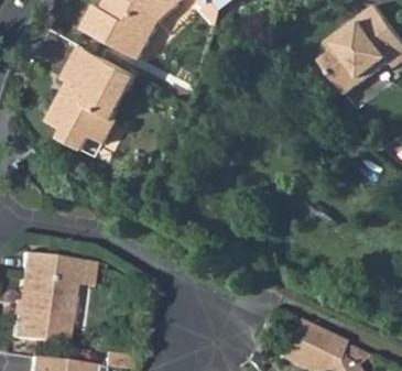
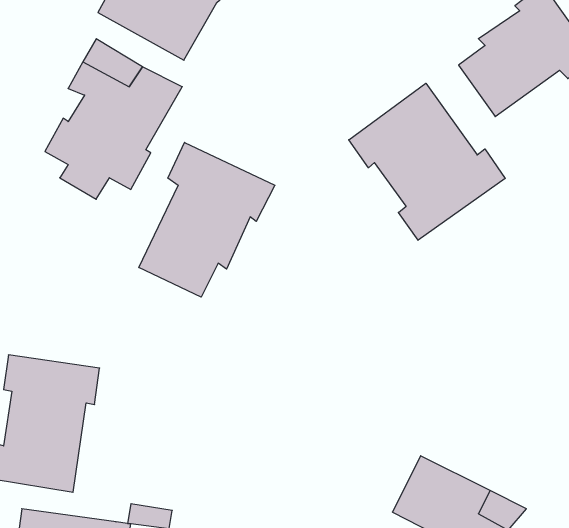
building: none -> [349,83,505,240]
building: none -> [139,142,275,297]

